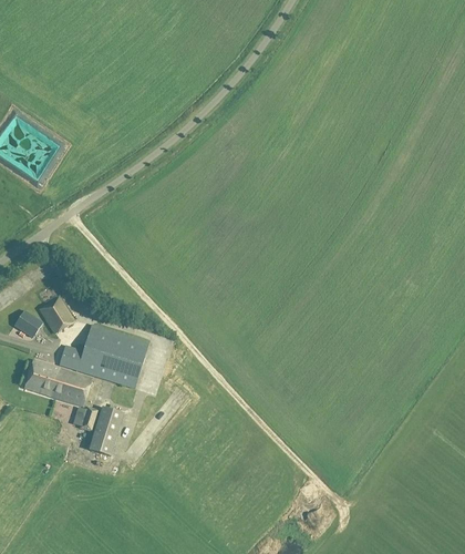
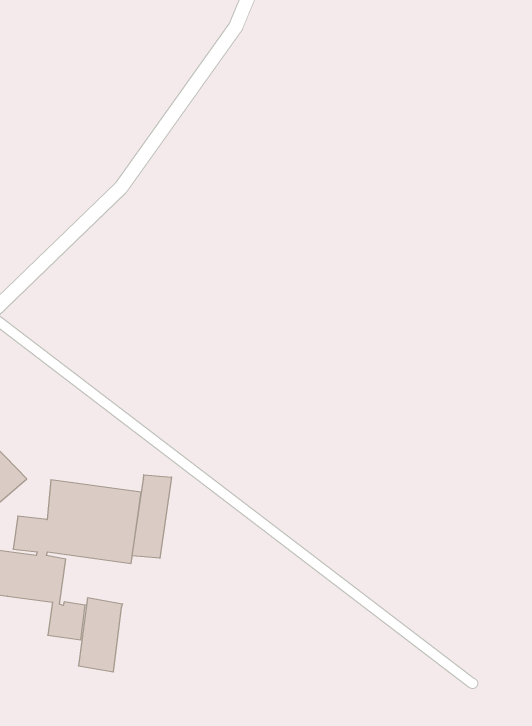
building: none -> [132,475,171,558]

